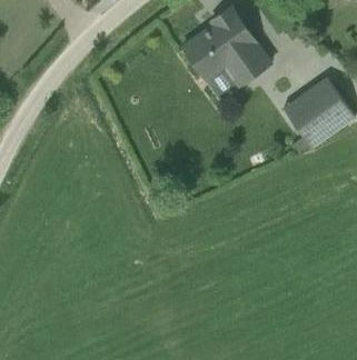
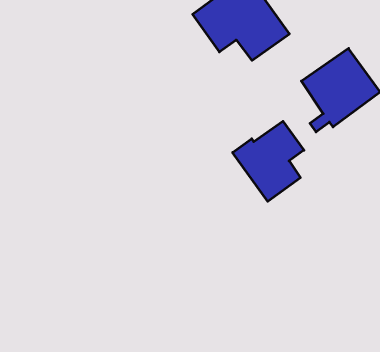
building: none -> [233,121,304,201]

